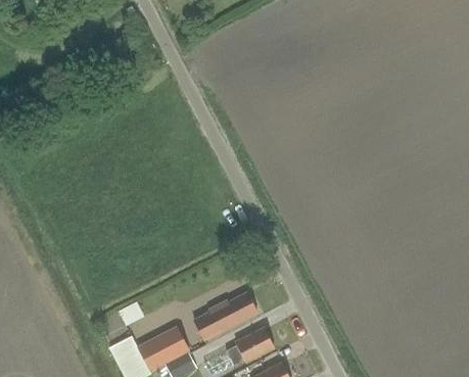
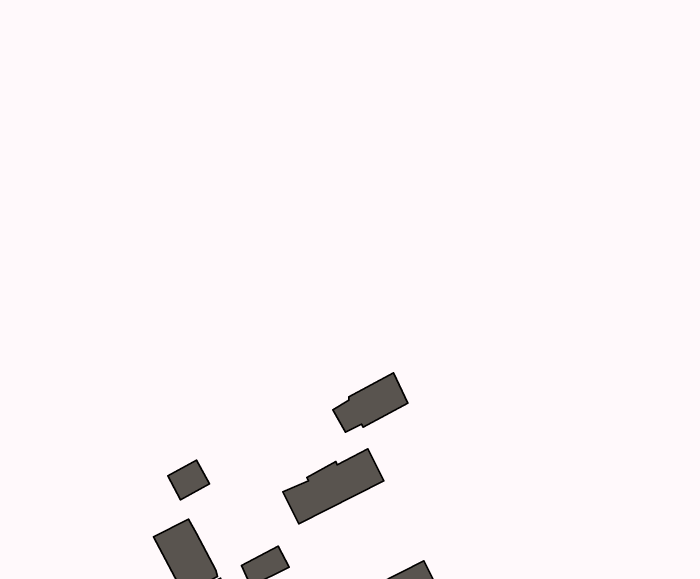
building: [138,326,188,369] -> none
building: [226,327,274,365] -> [333,373,408,432]

